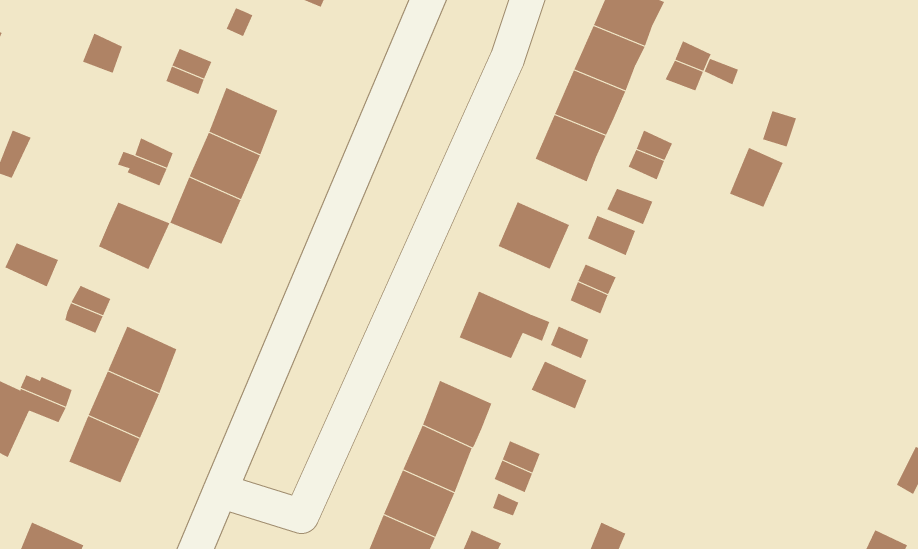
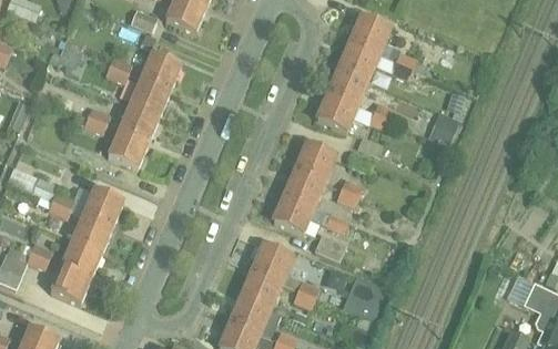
building: none -> [140,52,181,91]
building: [98,202,170,270] -> [83,188,124,227]
building: none -> [284,168,325,207]
building: none -> [342,291,382,321]

